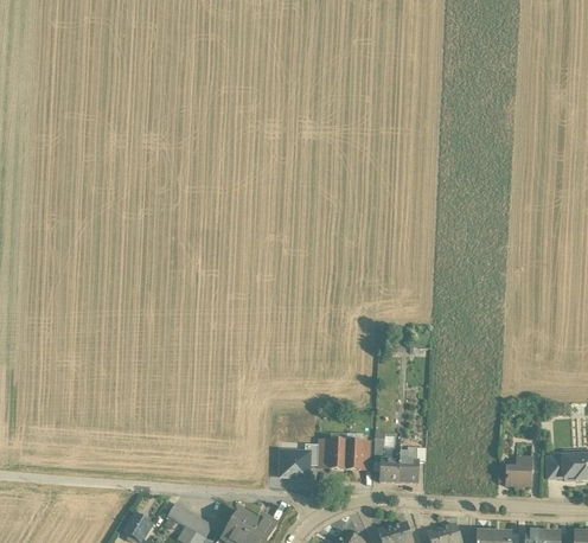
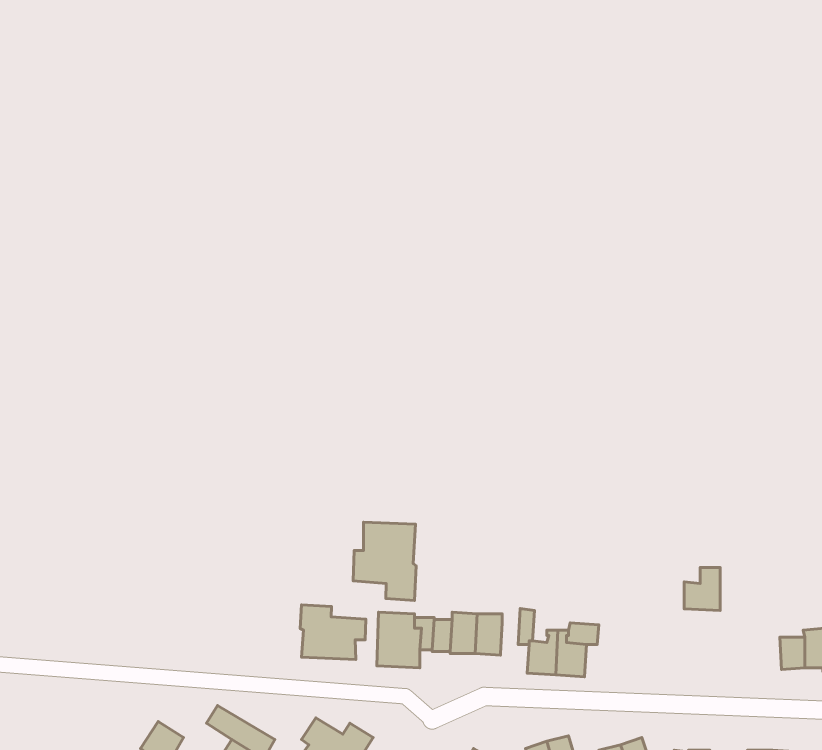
building: none -> [353,522,416,600]
building: none -> [300,605,366,659]
building: [507,456,531,485] -> [684,567,720,610]

